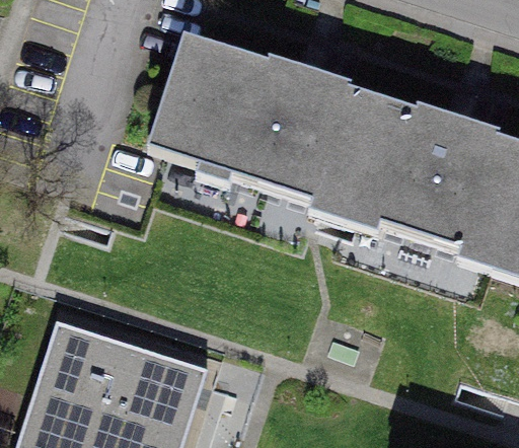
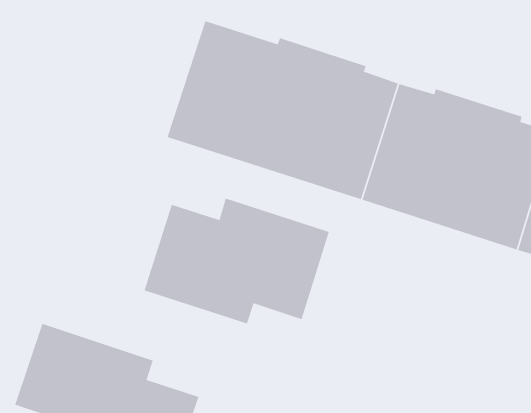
building: none -> [144,197,330,324]

